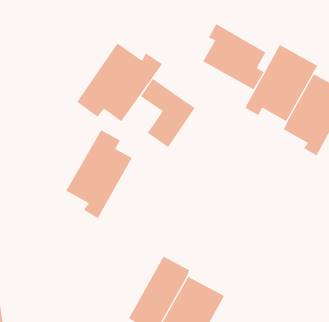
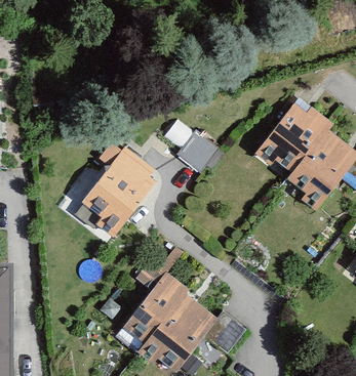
building: [202,23,266,90] -> none
building: [77,42,163,122] -> none

